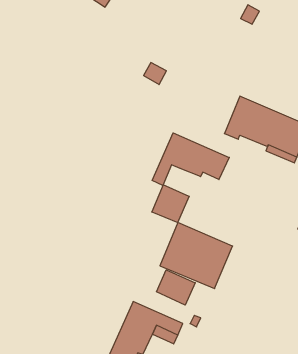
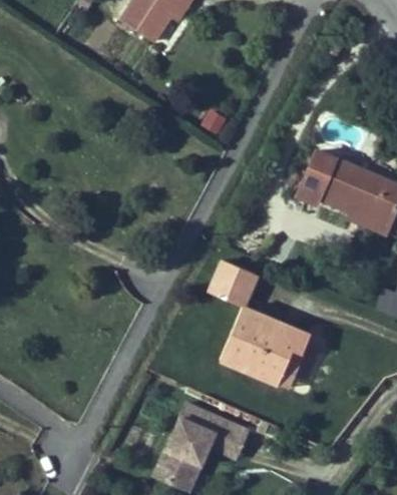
building: [152,133,229,185] -> none
building: [157,270,195,305] -> none

